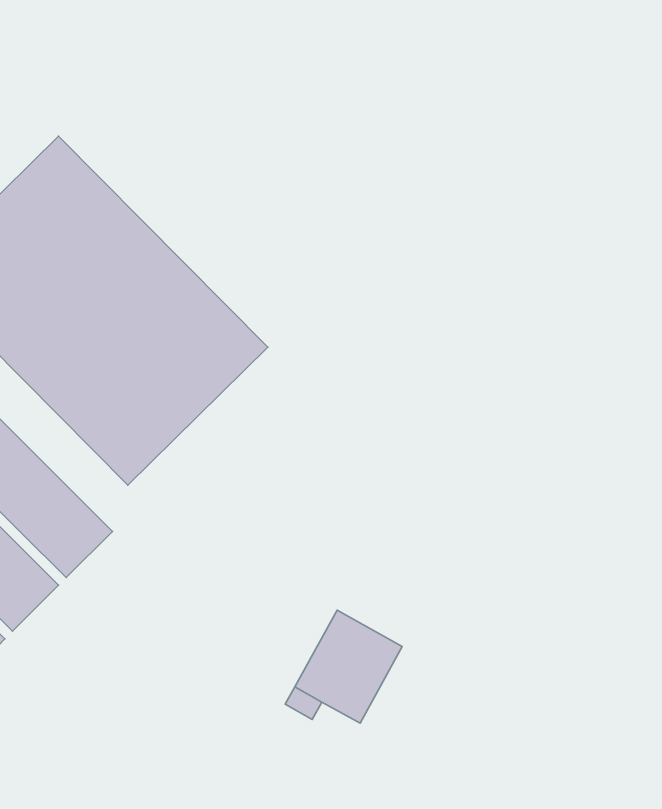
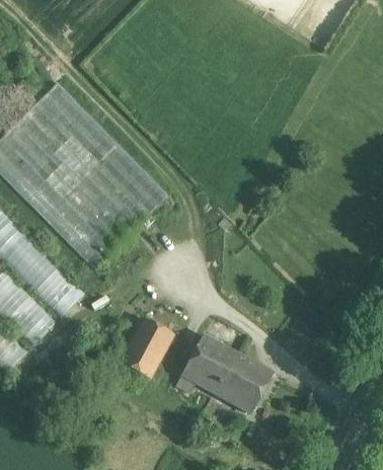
building: none -> [120,317,174,379]
building: none -> [216,354,273,412]

